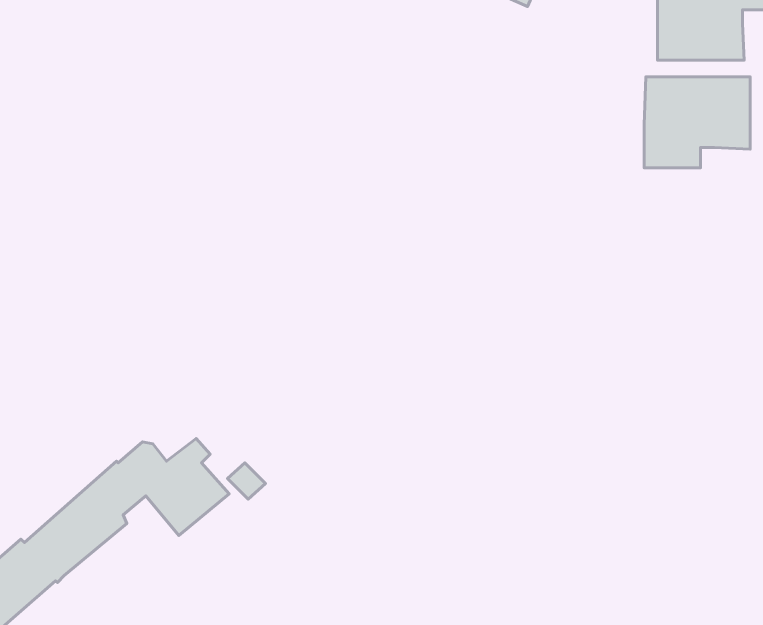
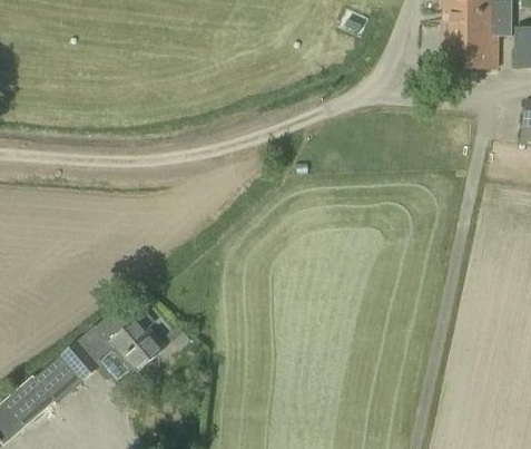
building: [644,77,750,168] -> none

